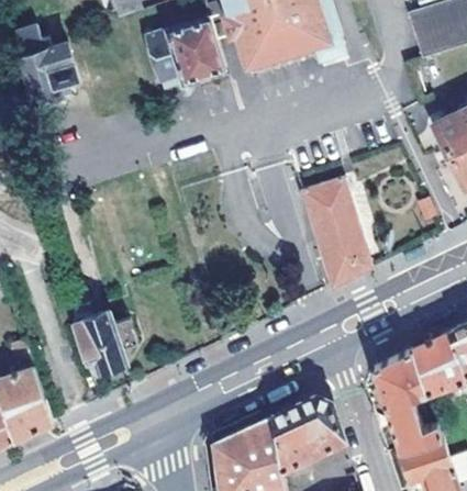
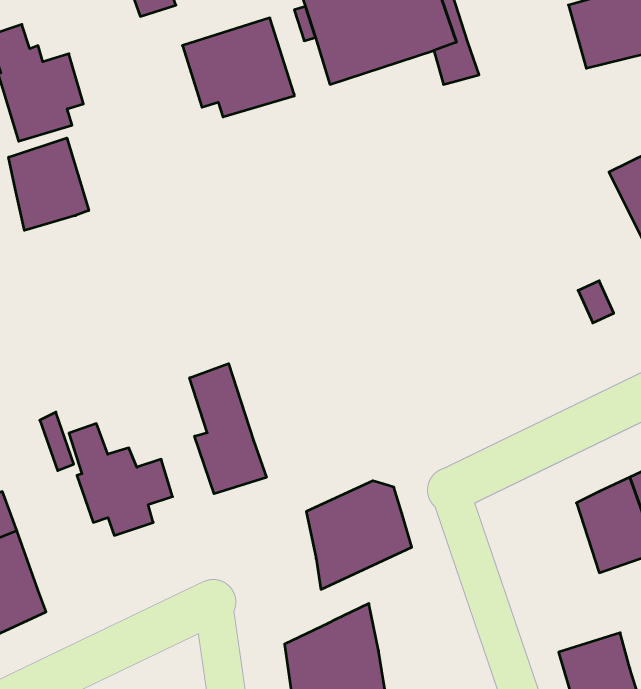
building: none -> [9,138,89,230]
building: [300,179,373,291] -> none
building: none -> [190,364,266,494]
building: [374,349,442,450] -> none
building: [271,397,343,470] -> [306,481,412,589]

